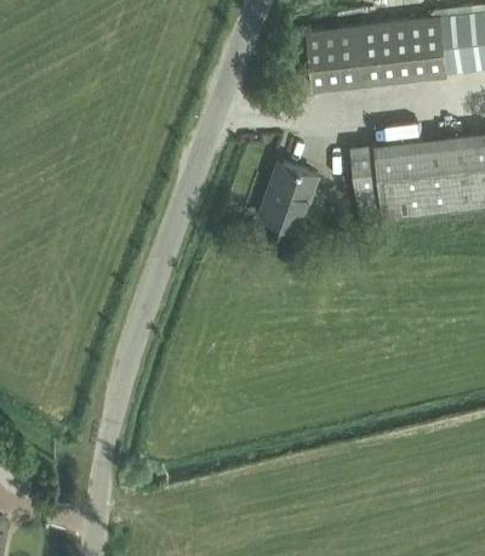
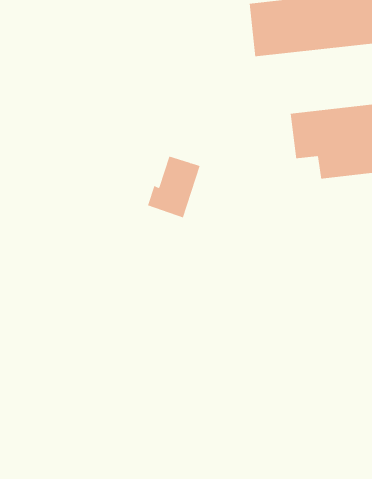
building: [261,165,318,232] -> [147,156,200,218]

